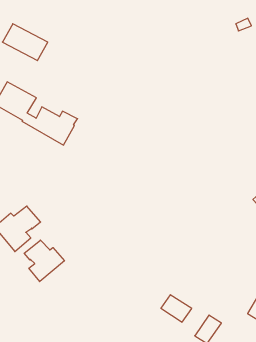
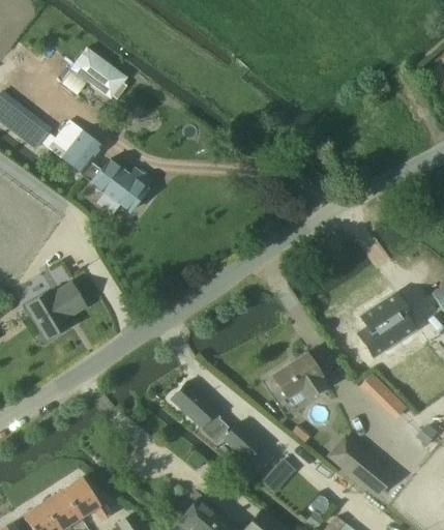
building: none -> [272,354,326,409]
building: [24,240,64,282] -> none
building: none -> [171,383,230,445]

